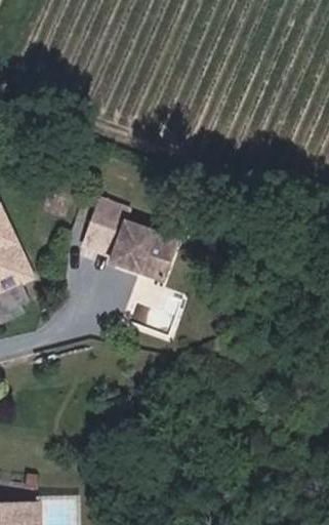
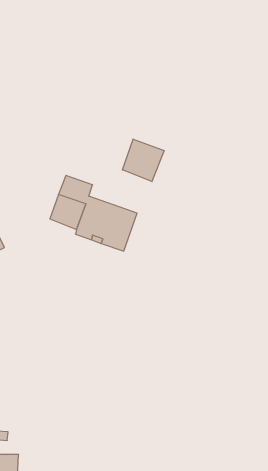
building: none -> [122,139,164,182]

